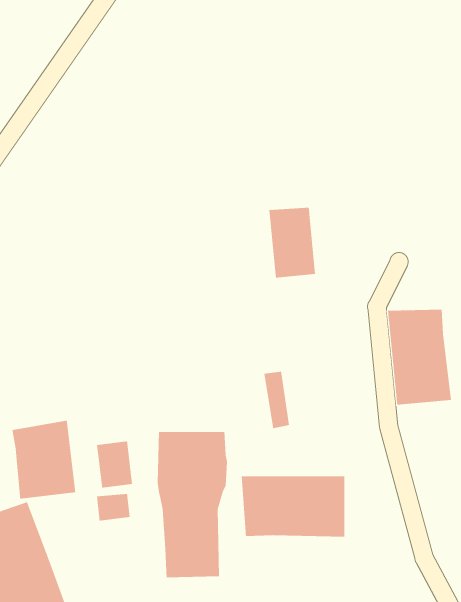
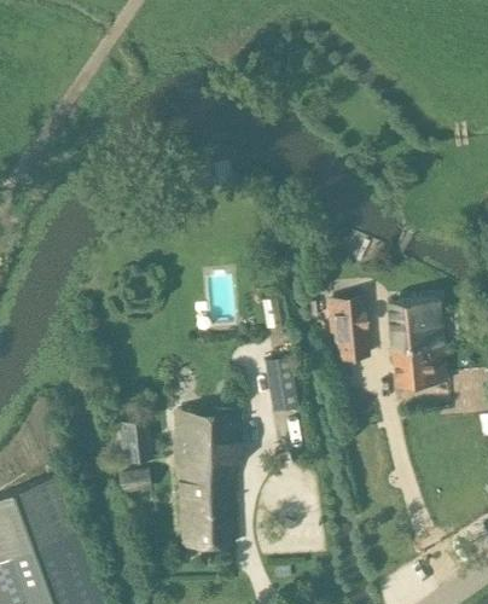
building: [268,207,316,278] -> [325,298,368,364]
building: [12,420,76,500] -> none
building: [241,476,345,537] -> none

